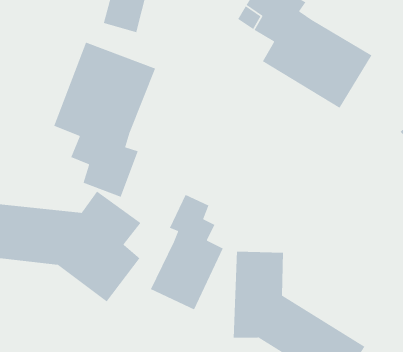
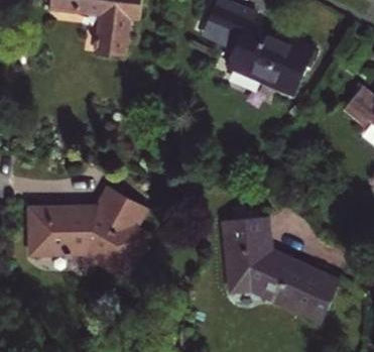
building: [53,41,156,198] -> none
building: [150,194,224,310] -> none

